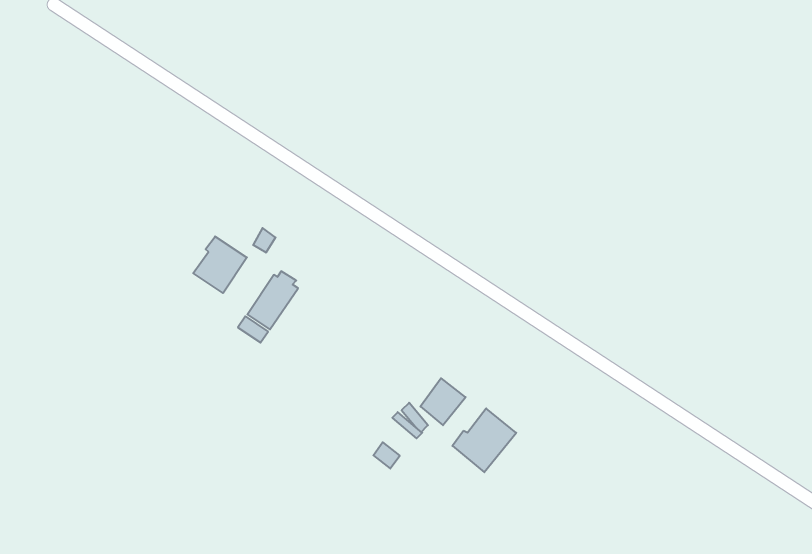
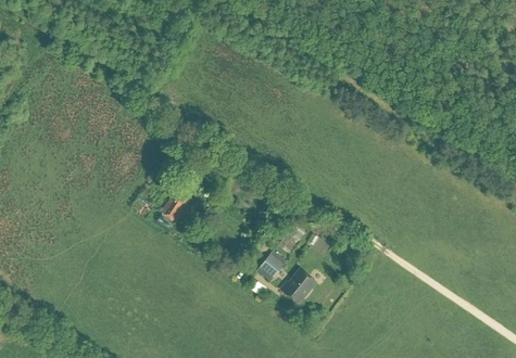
building: [193,236,247,293] -> none

